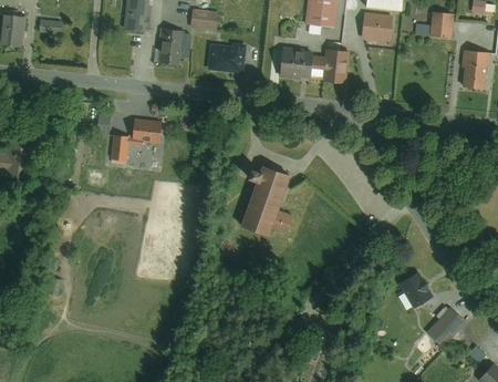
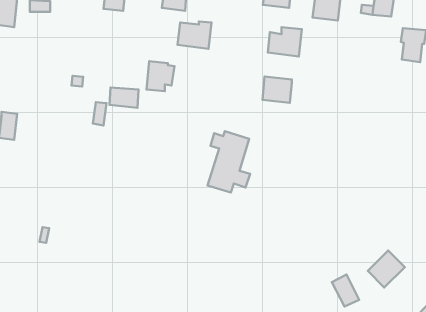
building: [159,30,191,64] -> [146,61,175,91]
building: [280,49,313,79] -> [263,77,292,103]
building: [401,273,432,310] -> [332,275,359,307]

